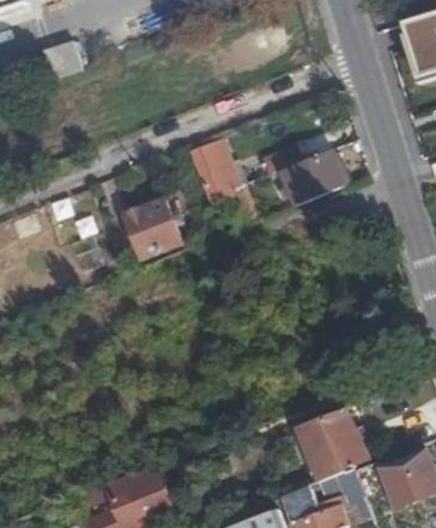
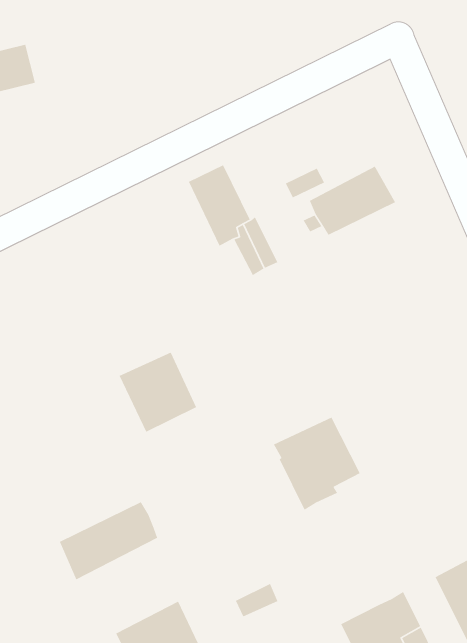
building: [127,199,184,258] -> [118,352,197,433]
building: none -> [59,501,158,581]
building: [300,409,365,478] -> [273,416,361,511]

